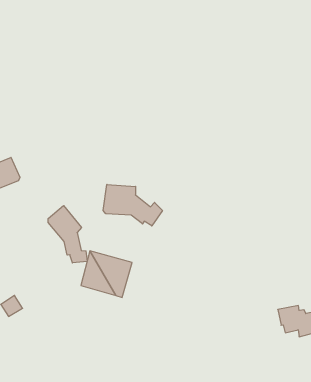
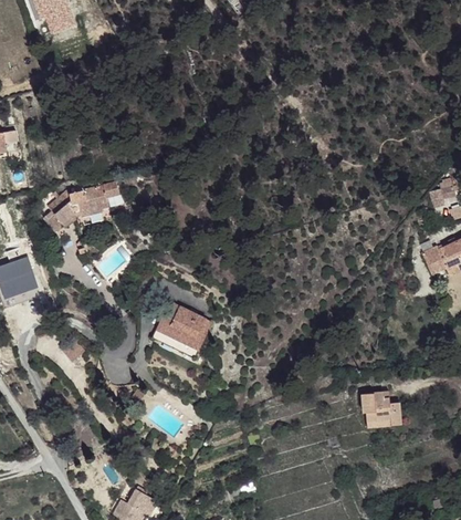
building: [103,184,162,226] -> none
building: [48,206,87,263] -> none

